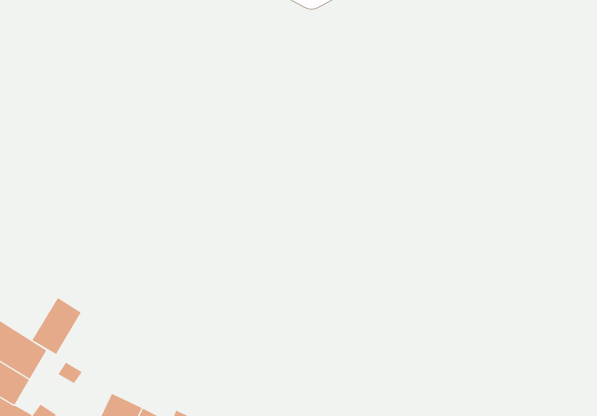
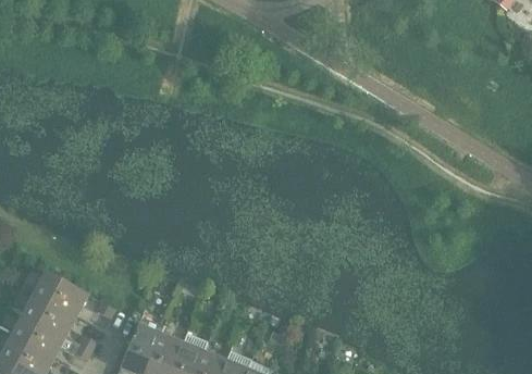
building: [31,297,82,355] -> none

